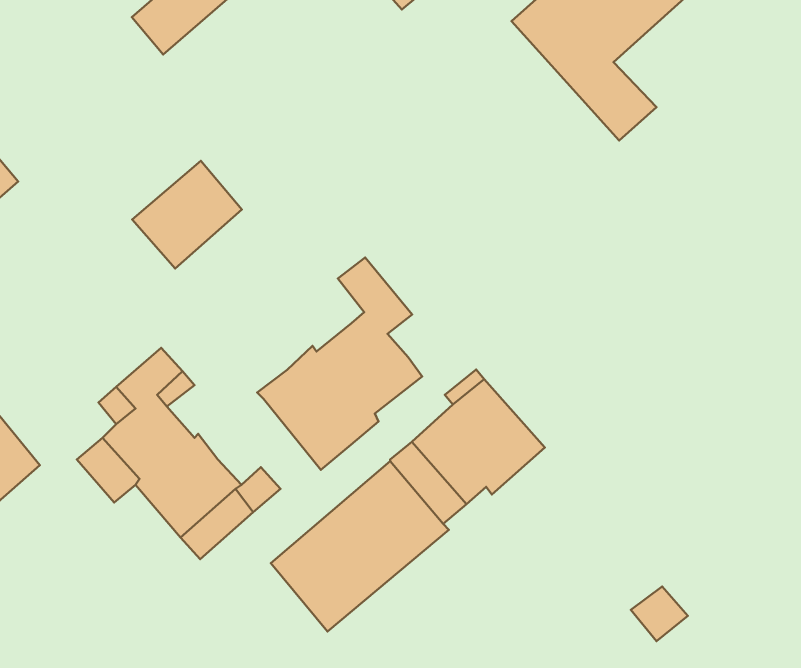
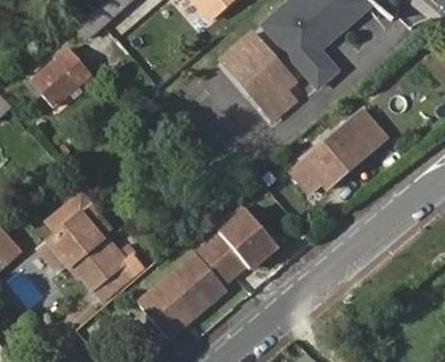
building: none -> [223,33,297,120]
building: [132,161,242,268] -> [33,50,89,105]
building: none -> [291,112,386,194]
building: [257,257,422,470] -> none

